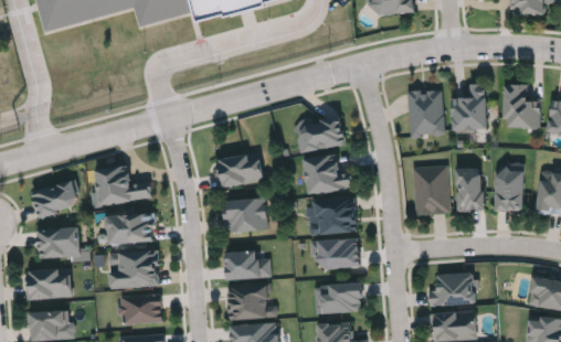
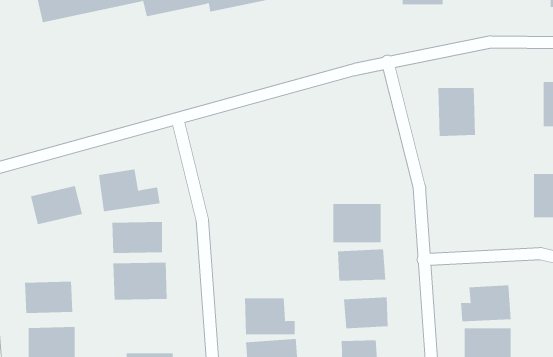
building: [453,84,486,130] -> none
building: [296,119,345,152] -> none
building: [214,153,263,188] -> none
building: [304,156,352,193] -> none
building: [413,165,448,215] -> none
building: [456,169,483,211] -> none
building: [222,199,266,233] -> none
building: [39,229,80,257] -> none
building: [225,253,269,278] -> none
building: [119,295,161,323] -> none

